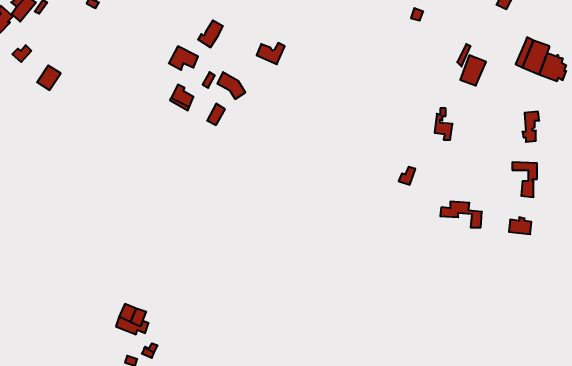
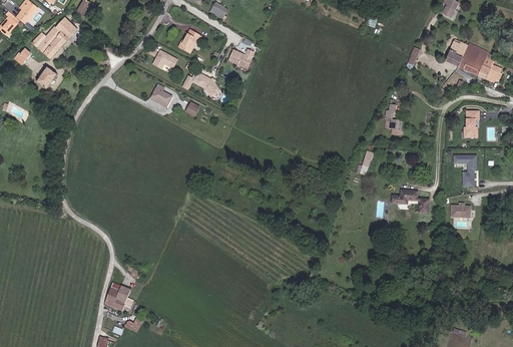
building: none -> [31,19,73,59]
building: [460,55,486,86] -> [445,40,468,67]

